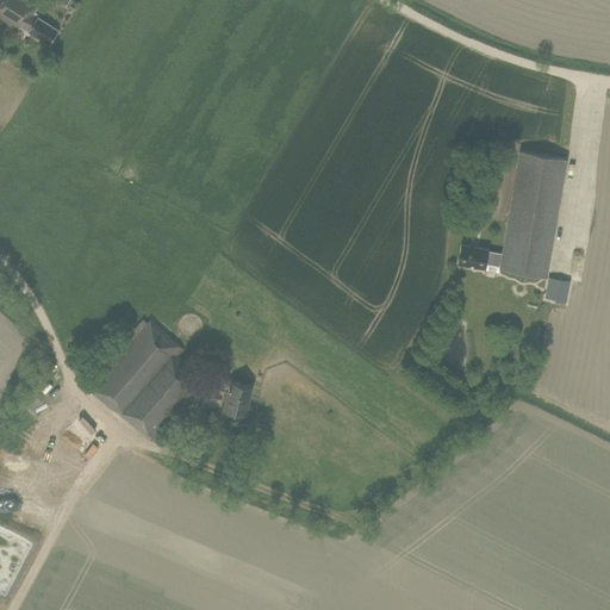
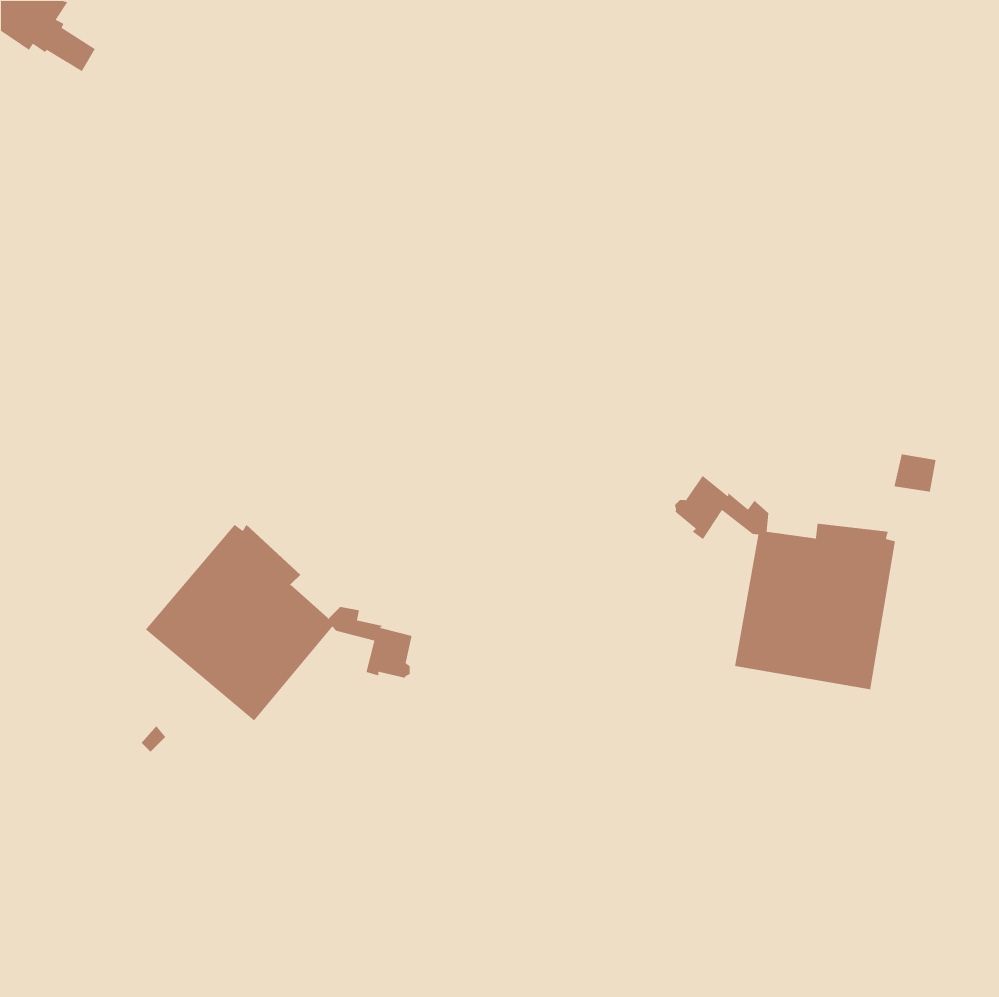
building: [458,151,567,276] -> none
building: none -> [674,475,896,690]

